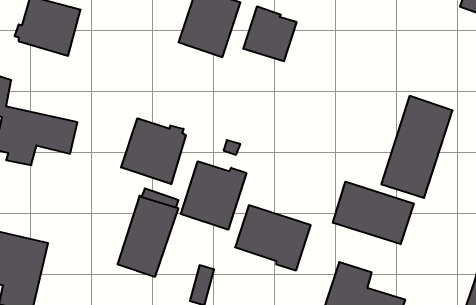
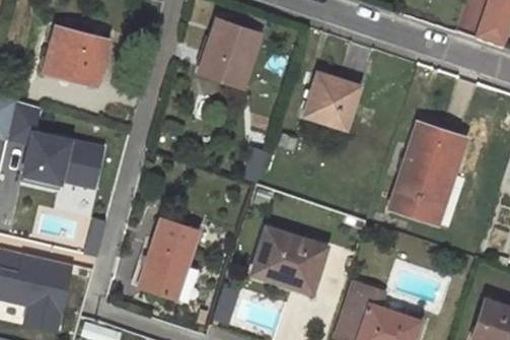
building: [243,7,297,61] -> [306,74,358,127]
building: [121,118,186,184] -> none
building: [181,161,246,230] -> none
building: [333,182,414,244] -> none

